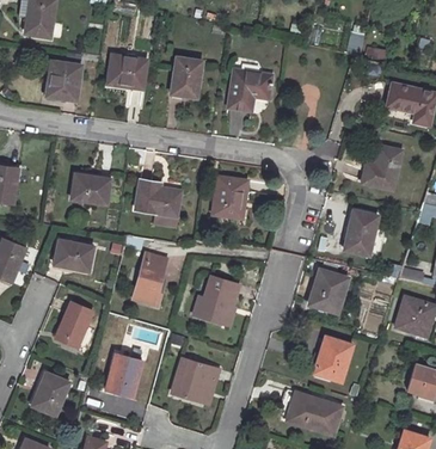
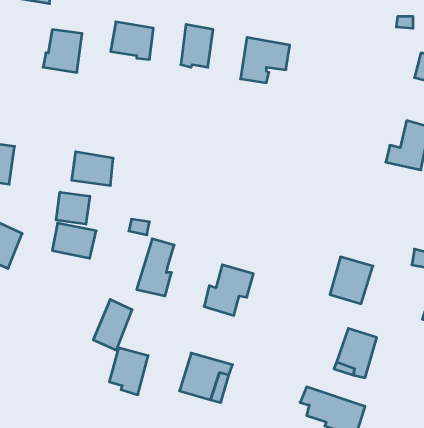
building: [211,176,248,217] -> none
building: [135,179,182,216] -> none
building: [343,209,379,256] -> none
building: none -> [56,192,90,224]
building: [56,301,92,347] -> [93,299,132,350]
building: [32,373,69,414] -> none

